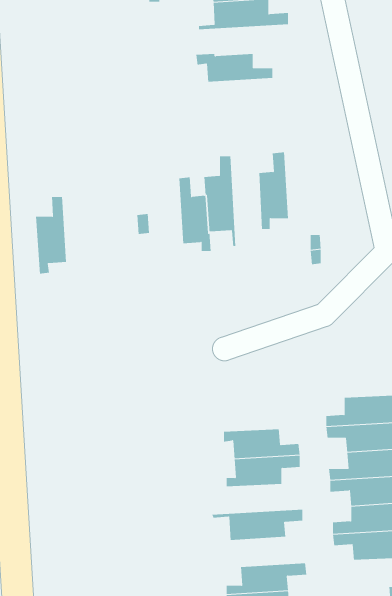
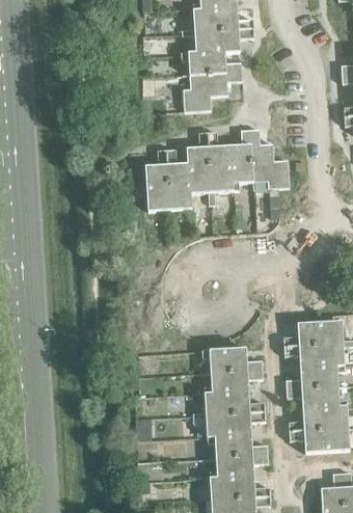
building: none -> [182,29,254,54]
building: none -> [183,72,242,111]
building: none -> [250,130,290,189]
building: none -> [208,132,232,205]
building: [35,197,67,274] -> [144,151,169,212]
building: none -> [192,393,265,416]
building: none -> [207,434,267,458]

